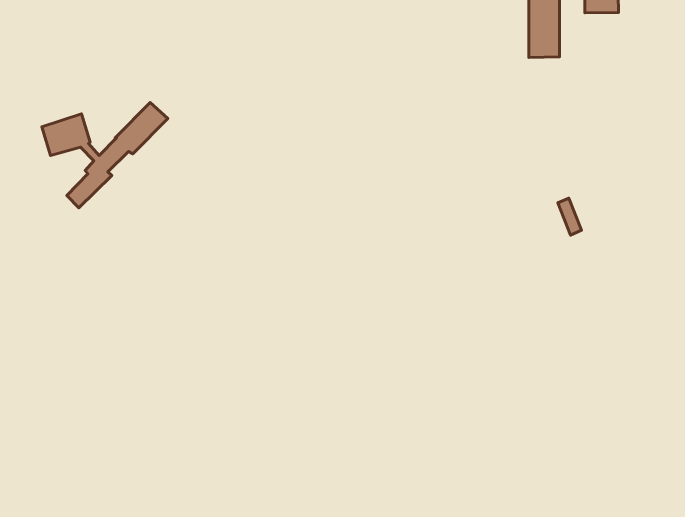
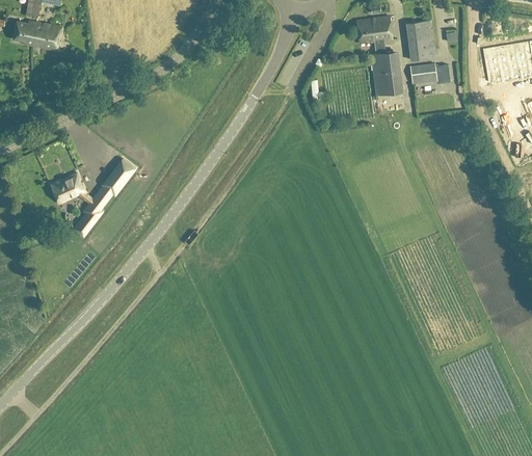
building: none -> [409,62,450,84]

